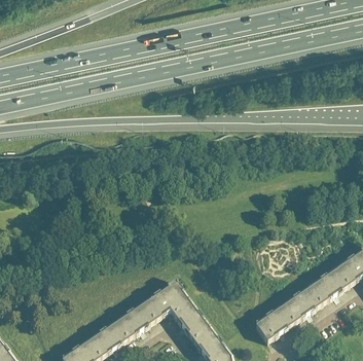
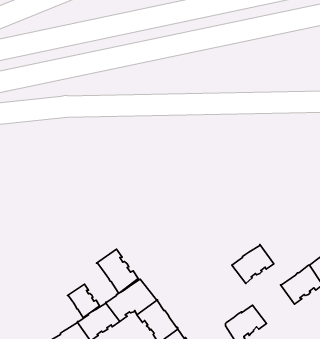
building: none -> [97,249,138,293]
building: none -> [68,284,100,317]
building: [276,291,316,328] -> [232,244,274,283]

